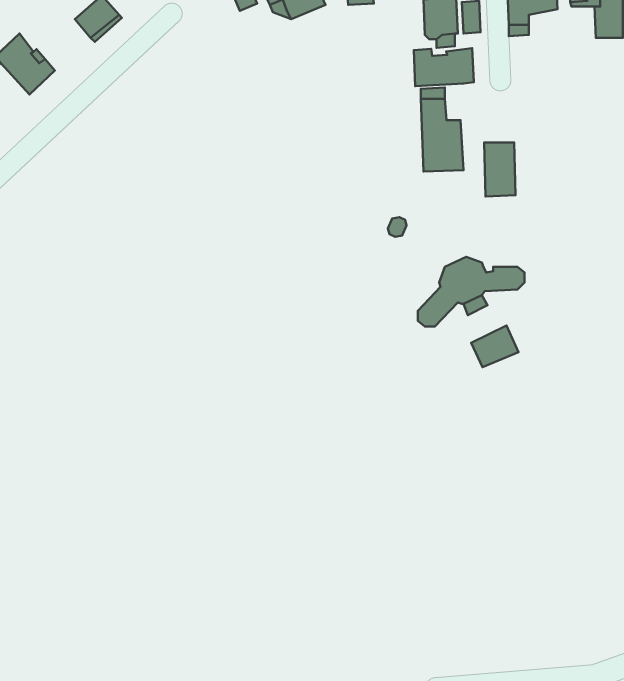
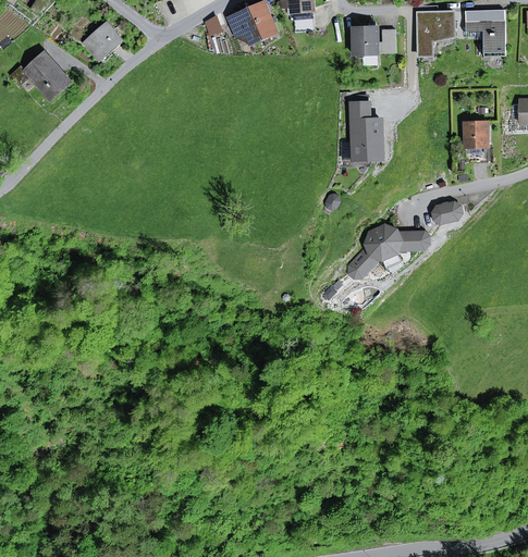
building: [414,48,474,86] -> none
building: [484,142,515,196] -> [464,121,488,162]
building: none -> [431,201,461,222]
building: [471,326,518,367] -> none

